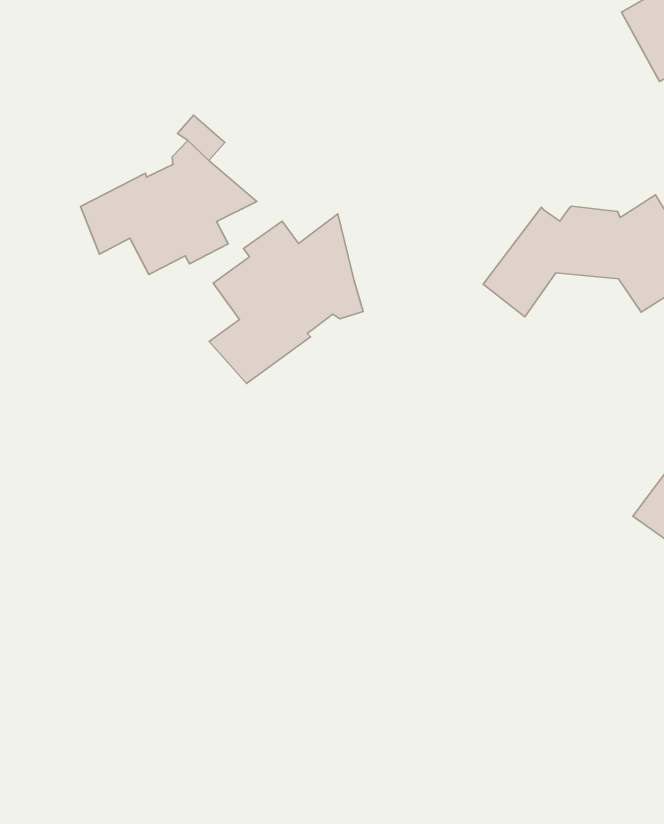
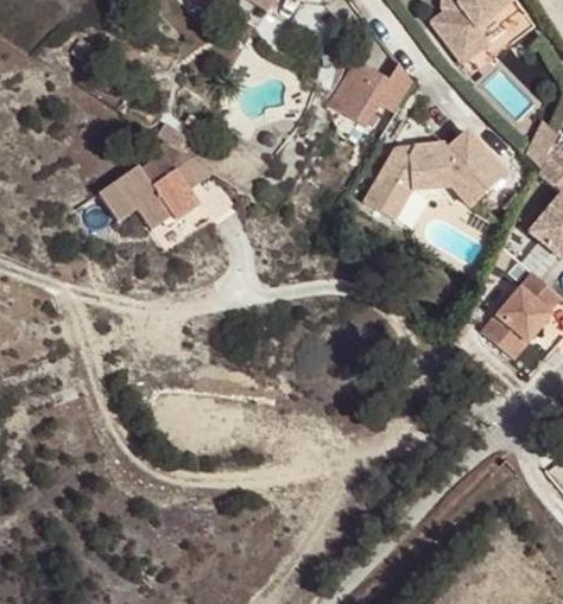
building: none -> [331,62,416,127]
building: [209,214,363,383] -> none

